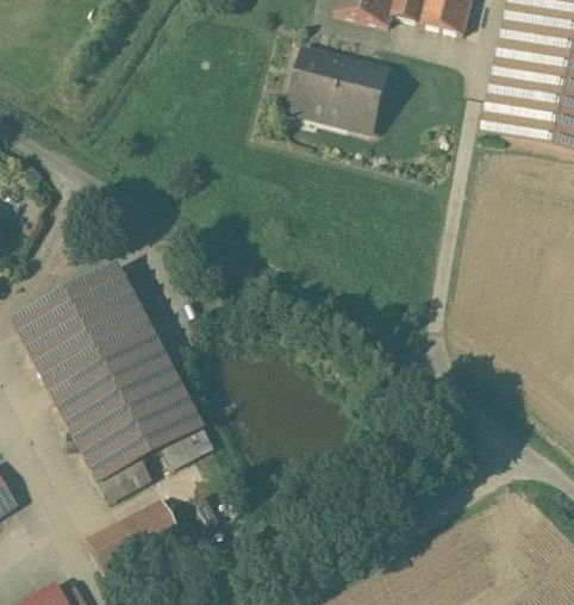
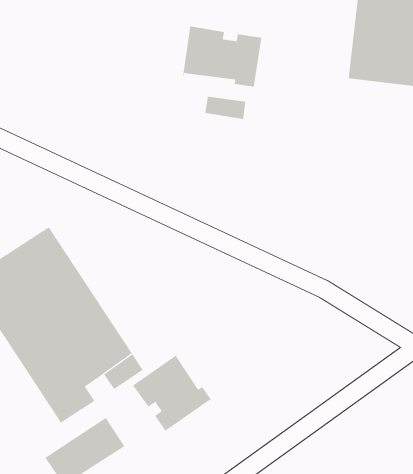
building: none -> [205,96,246,120]
building: none -> [132,353,211,432]

